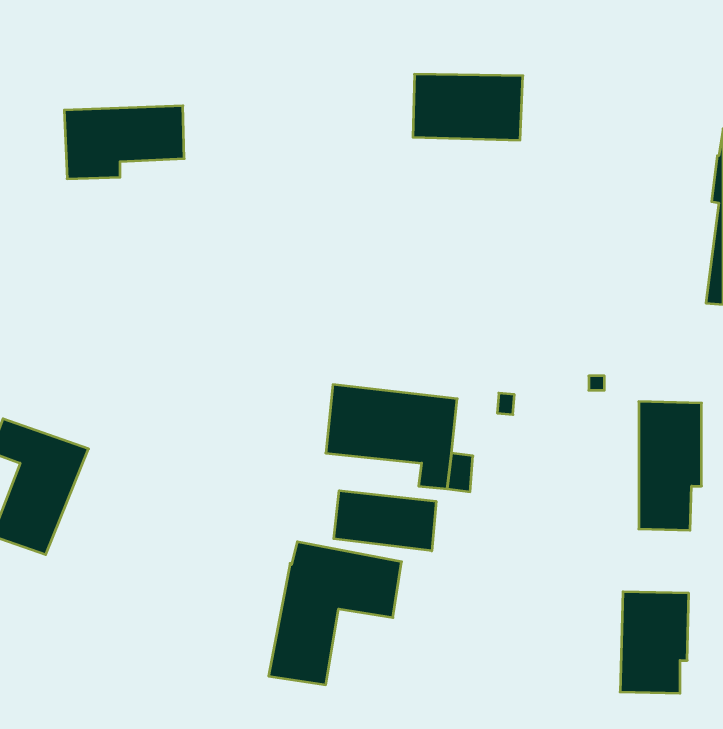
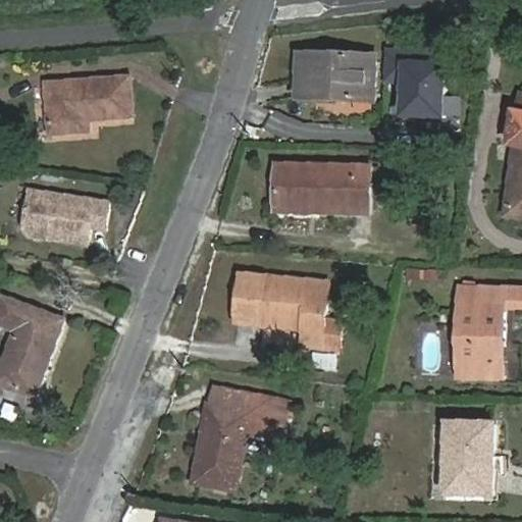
building: none -> [382,49,442,115]
building: none -> [272,163,367,213]
building: none -> [23,189,109,244]
building: [334,491,436,551] -> none

